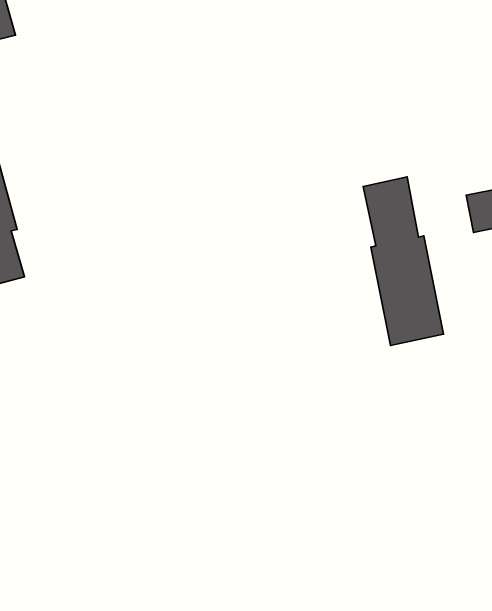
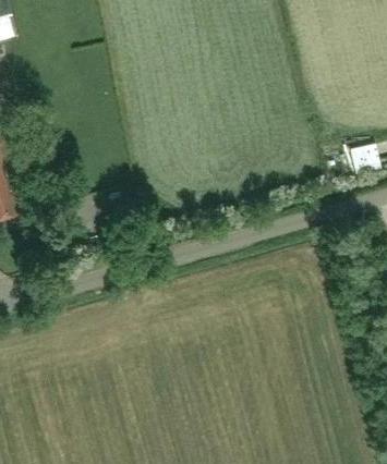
building: [363,177,443,345] -> none

